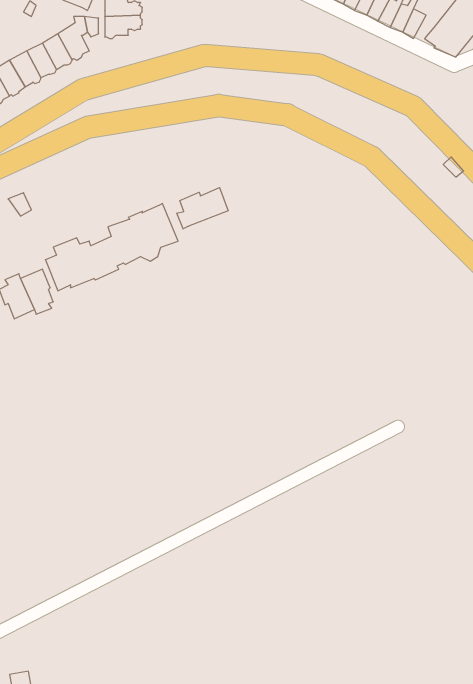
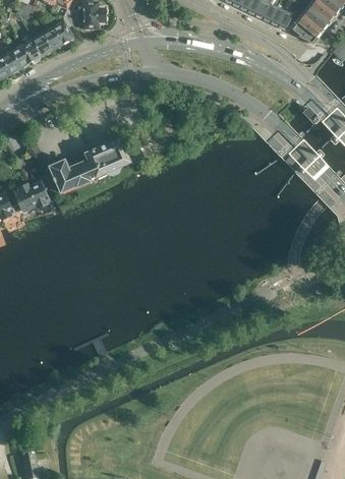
building: [177,188,228,229] -> none

